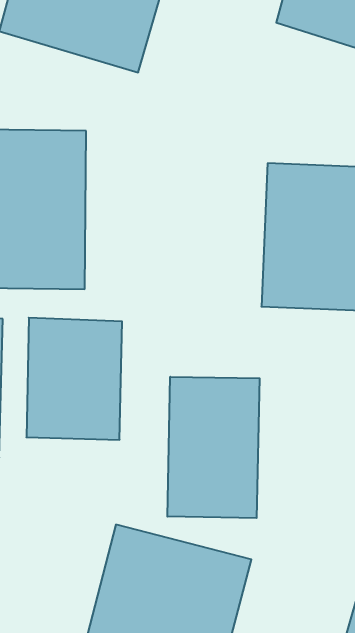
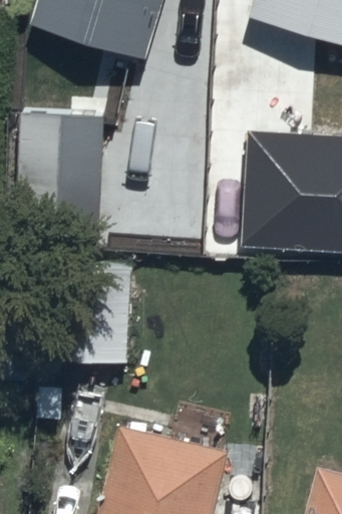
building: [167,377,260,518] -> none

